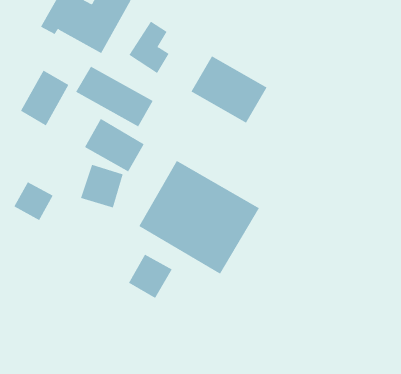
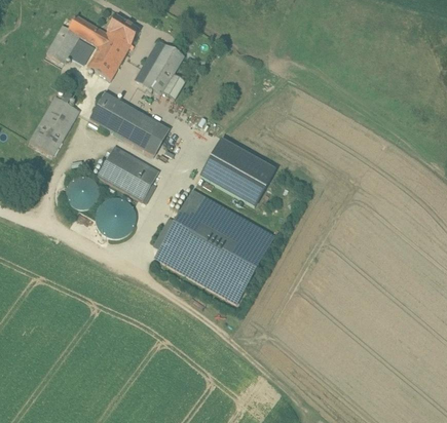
building: [190,55,268,124] -> [197,138,276,207]
building: [14,182,54,221] -> [61,170,102,210]
building: [128,254,173,299] -> none

